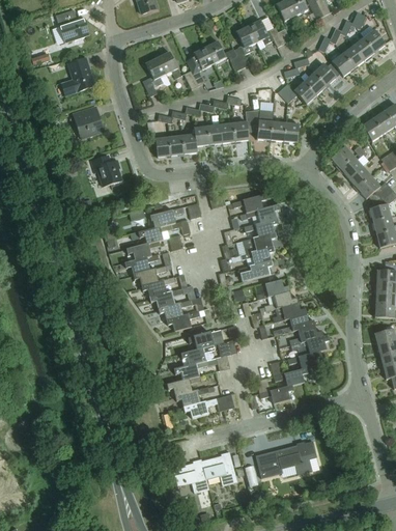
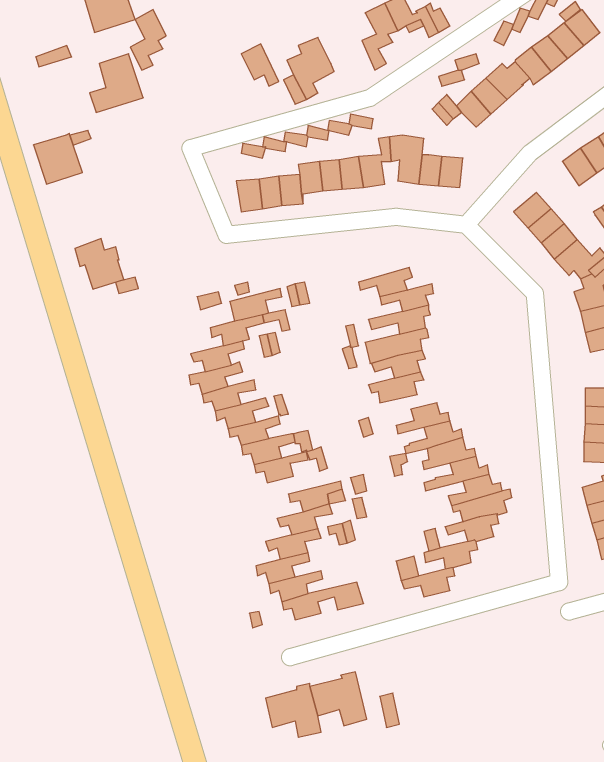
building: [206,40,243,71] -> none
building: [143,57,166,95] -> [130,10,166,70]
building: [73,106,104,138] -> [33,133,82,184]
building: [91,155,122,187] -> [75,239,124,289]
building: [256,440,317,477] -> none

